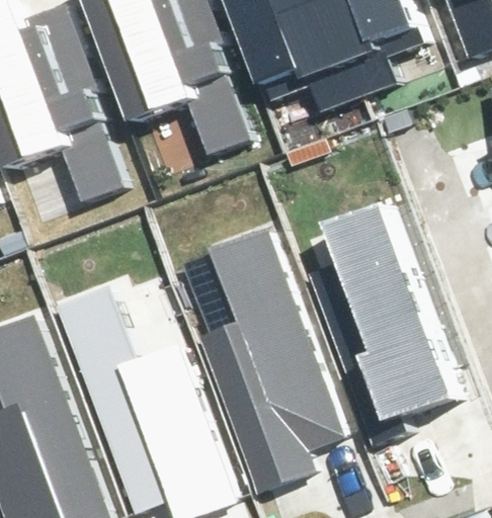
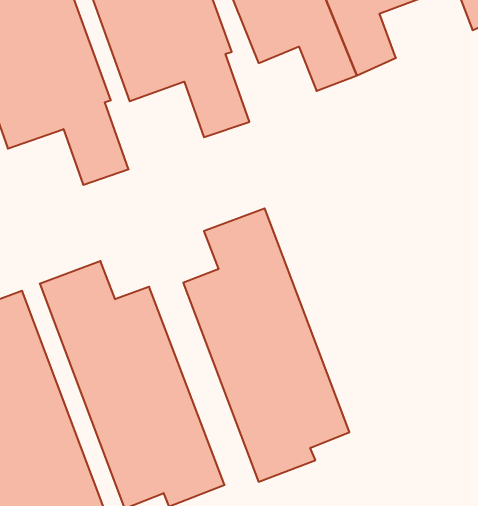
building: [308,204,455,439] -> none

